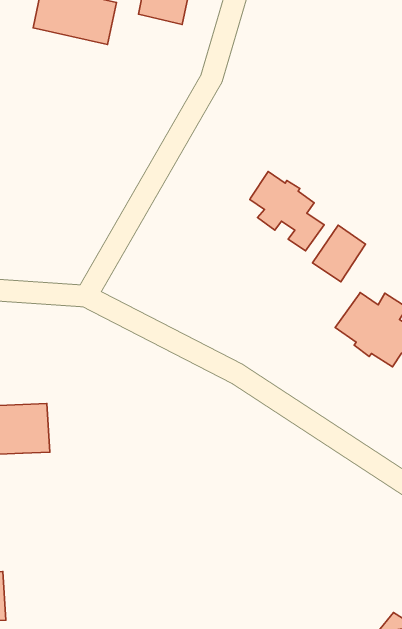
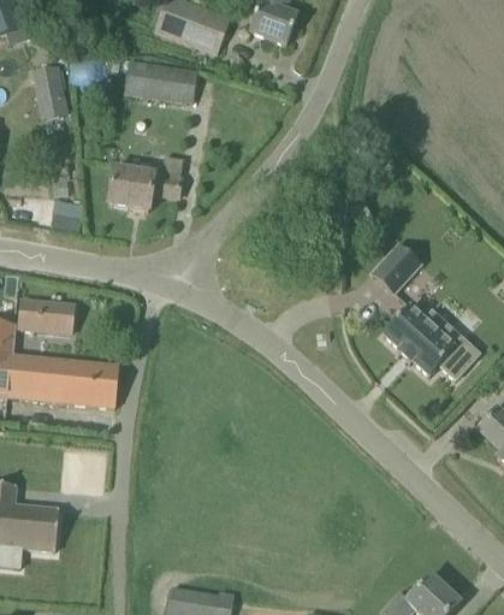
building: none -> [124,60,196,101]
building: none -> [107,155,183,209]
building: [250,172,324,251] -> none

